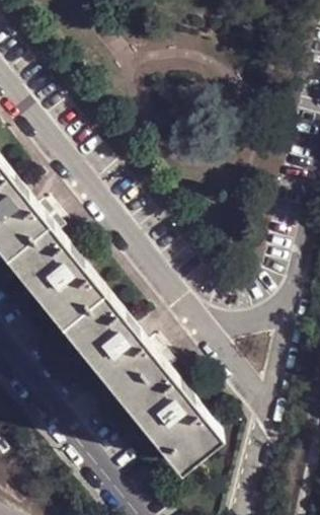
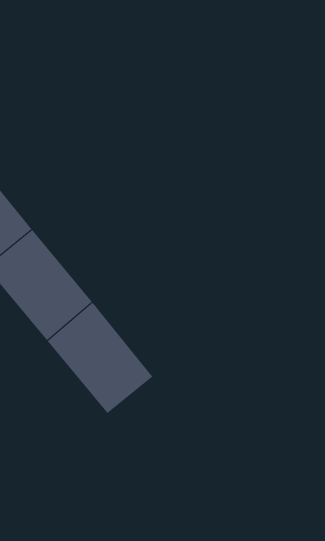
building: [117,362,223,473] -> none

